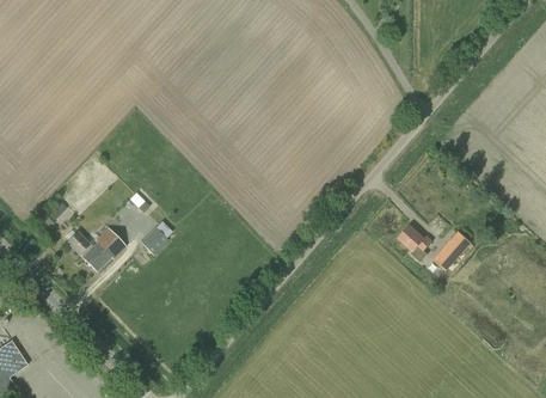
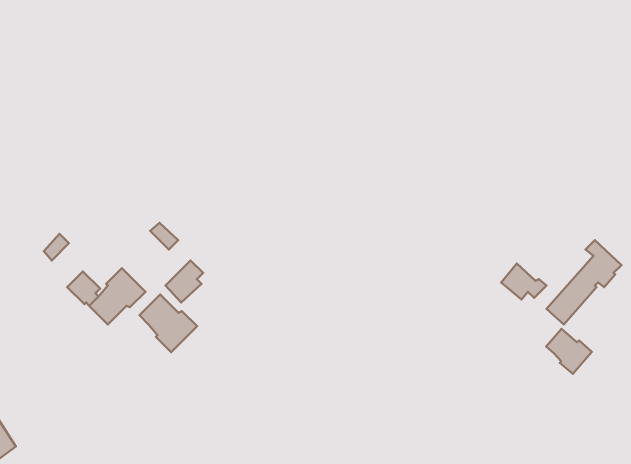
building: none -> [139,295,197,352]
building: none -> [546,329,592,374]

